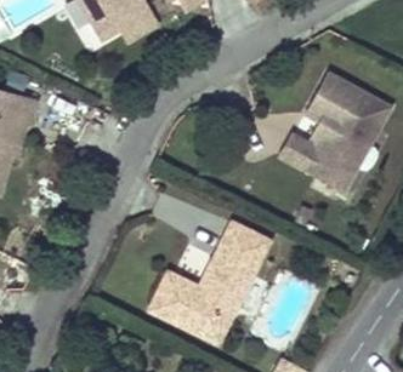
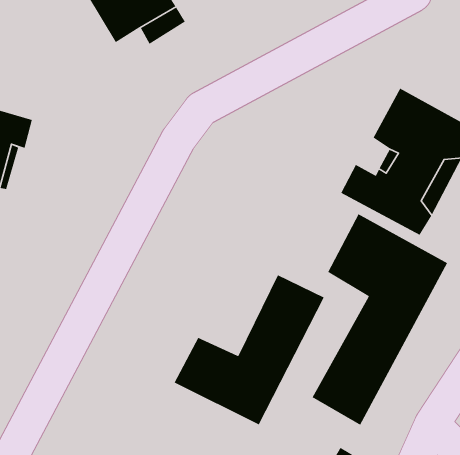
building: none -> [311,213,448,426]

